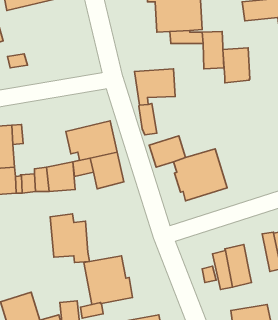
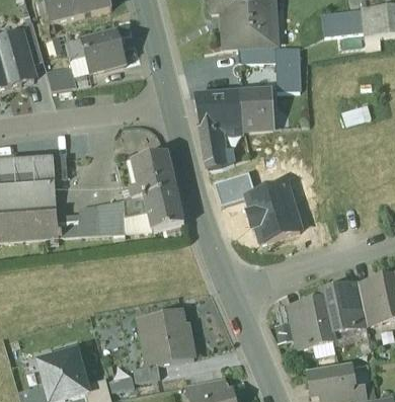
building: none -> [66,28,125,70]
building: [223,48,250,83] -> [242,88,273,129]
building: [50,214,89,263] -> none
building: none -> [322,282,354,330]

